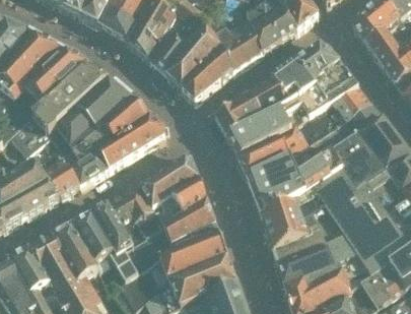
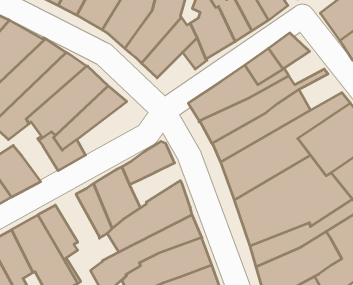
building: [314,61,355,96] -> none
building: [182,62,221,101] -> none
building: [329,84,373,122] -> none
building: [98,113,165,169] -> none
building: [42,159,79,196] -> none
building: [153,177,206,224] -> none
building: [76,209,142,278] -> none

